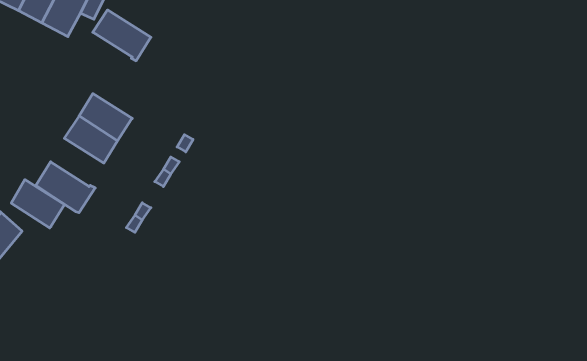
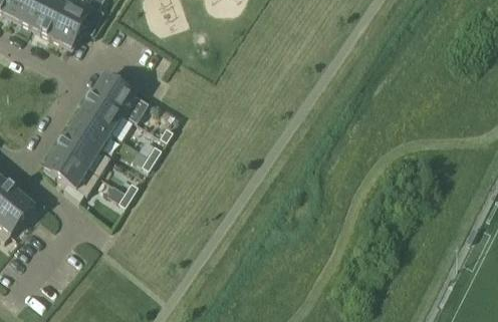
building: [93,10,151,61] -> [90,74,138,115]
building: [11,180,64,228] -> [56,128,99,168]

